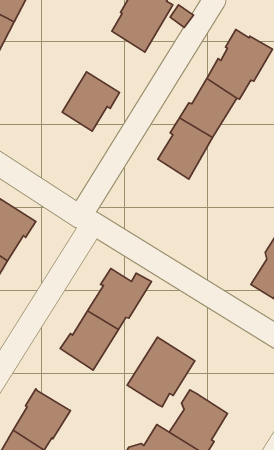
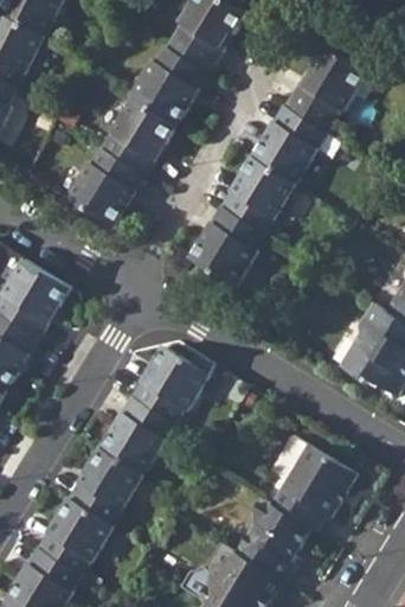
building: none -> [129,49,201,126]
building: none -> [65,151,139,228]
building: none -> [187,210,261,287]
building: [127,337,195,407] -> [270,445,355,532]
building: none -> [70,448,140,525]

